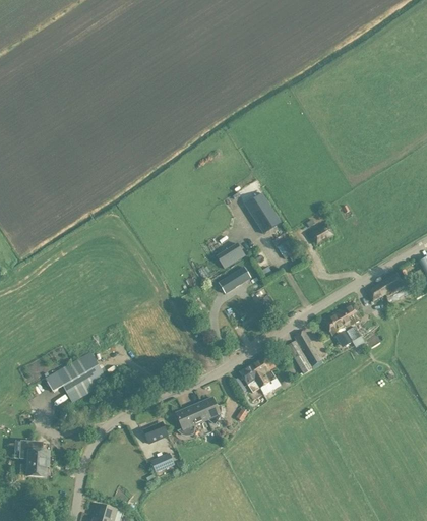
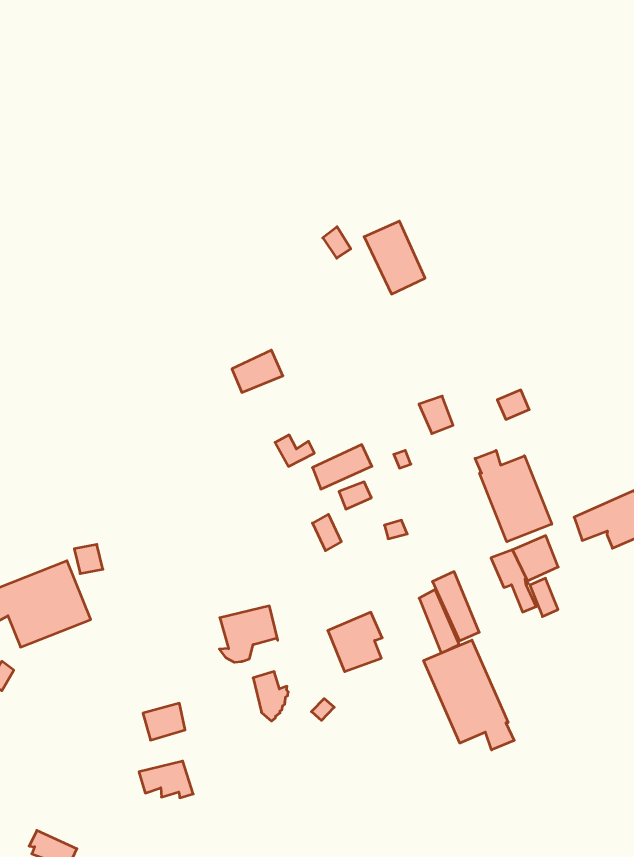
building: [244,191,281,232] -> [364,221,425,294]
building: [217,241,245,267] -> [232,350,283,392]
building: none -> [475,450,552,542]
building: none -> [424,640,514,750]
building: [175,401,208,435] -> [219,606,278,662]

